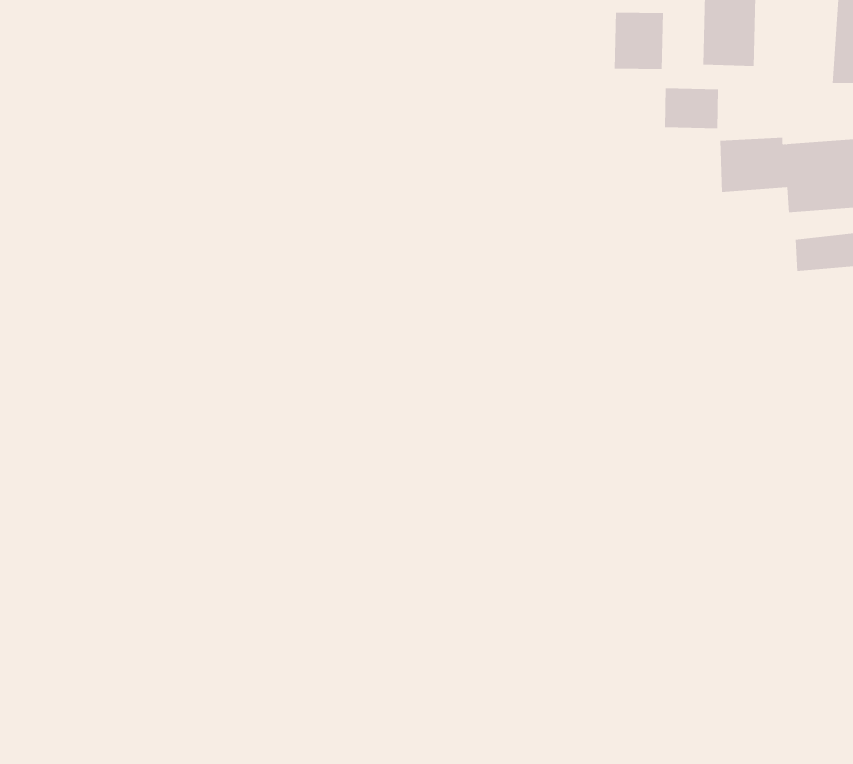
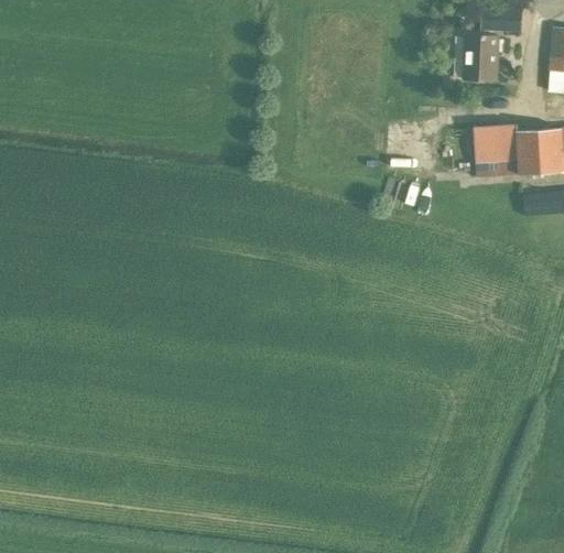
building: [614,12,663,70] -> none
building: [664,88,719,129] -> none

